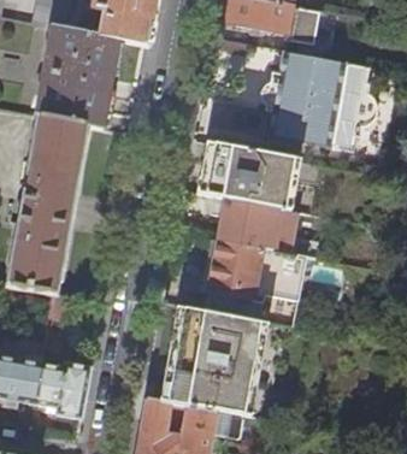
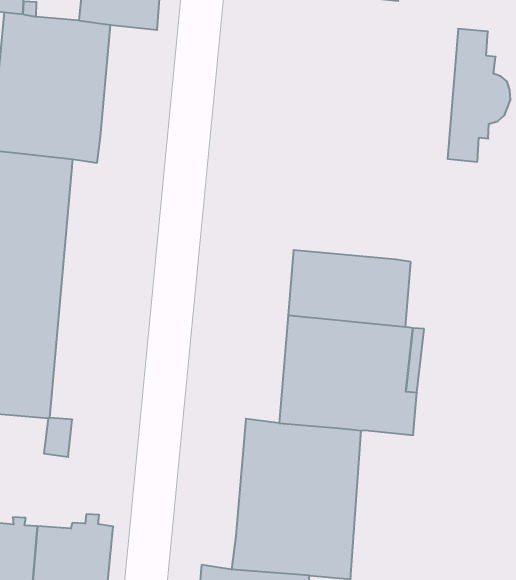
building: [270,51,347,147] -> none
building: [206,143,302,210] -> none

